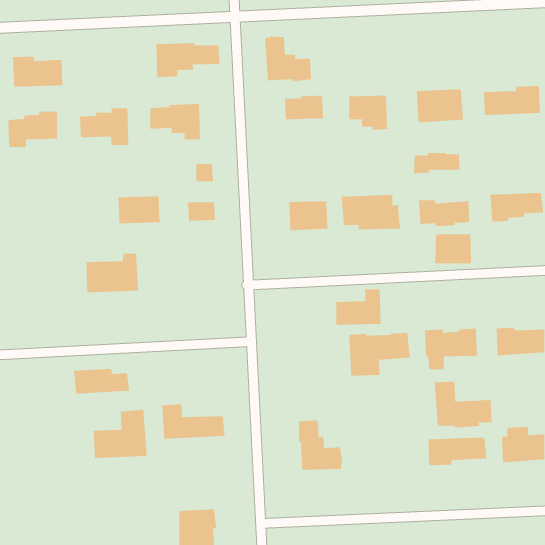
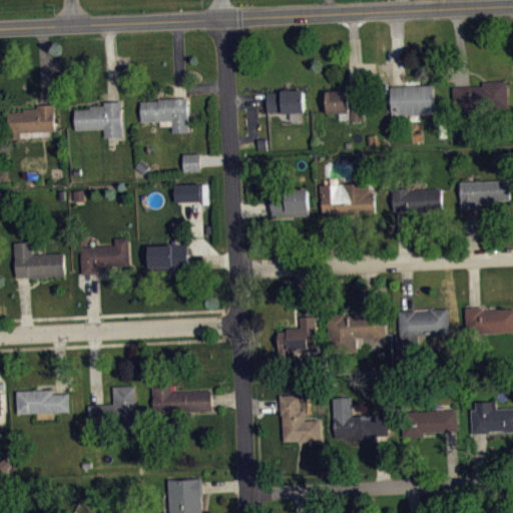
building: [264,36,312,82] -> none
building: [156,43,220,78] -> none
building: [13,56,63,88] -> none
building: [413,152,460,174] -> none
building: [118,196,160,224] -> [148,245,188,272]
building: [435,234,471,264] -> none
building: none -> [13,242,63,280]
building: [336,289,382,325] -> [273,317,316,351]
building: [73,368,130,394] -> [16,390,69,414]
building: [434,381,493,428] -> [332,397,387,441]

